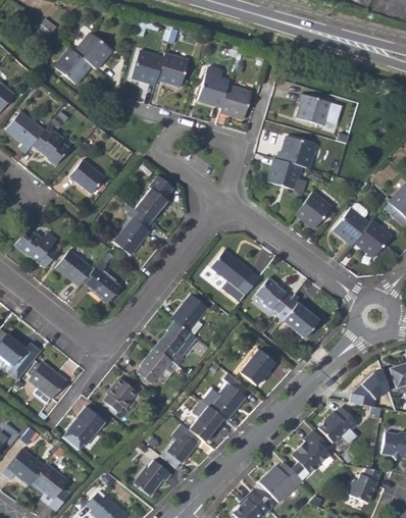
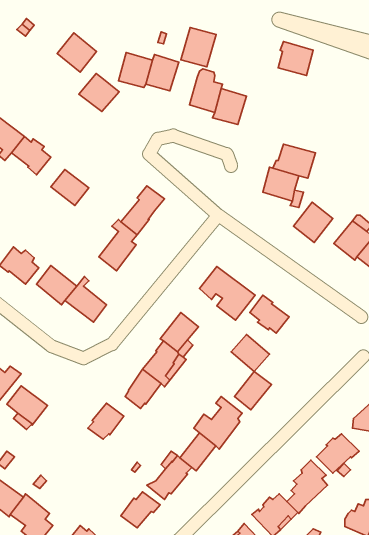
building: none -> [181,28,216,67]
building: [54,48,92,84] -> [79,73,119,112]
building: [298,94,331,125] -> [278,42,313,75]
building: [284,303,319,338] -> [231,334,269,371]
building: [66,406,105,448] -> none

